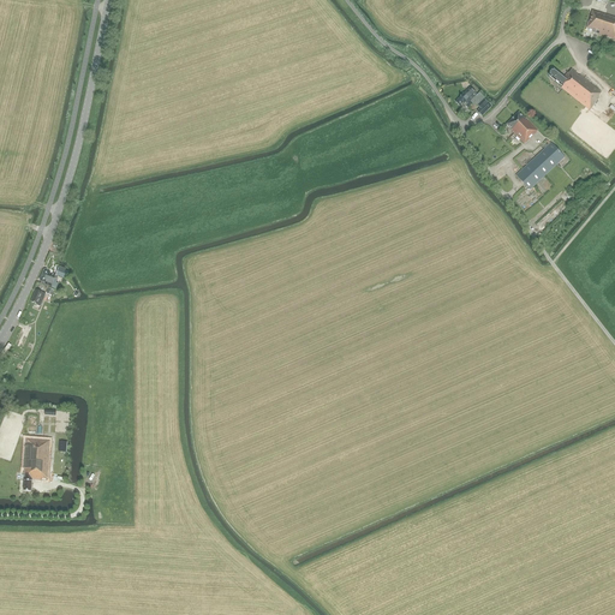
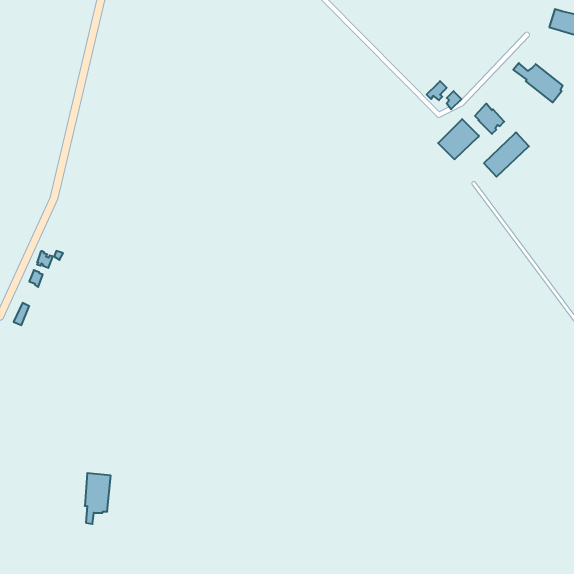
building: none -> [438,119,479,159]
building: [24,437,52,491] -> [85,473,111,524]

